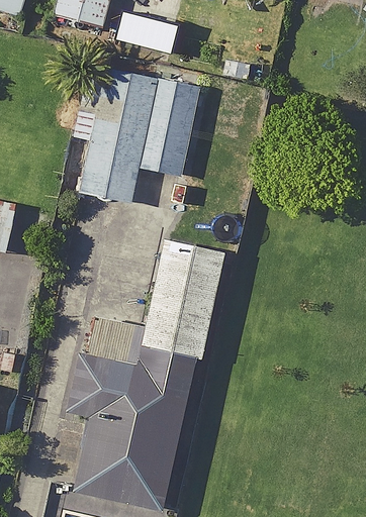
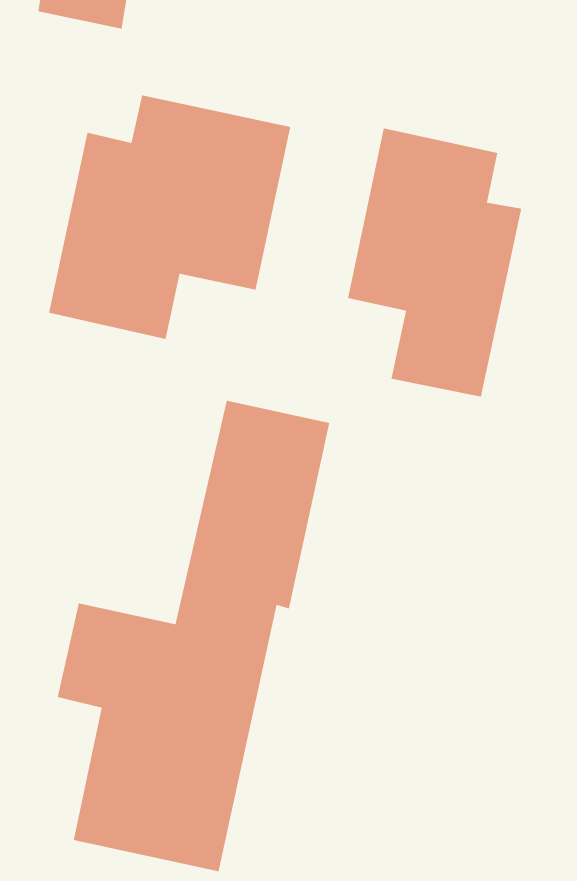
building: none -> [347,128,522,397]

